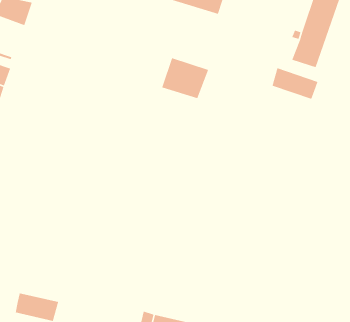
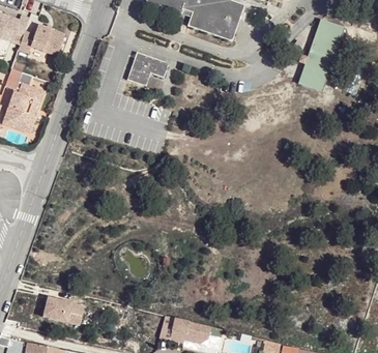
building: [161,57,209,99] -> [128,52,172,90]
building: [271,67,318,100] -> none

